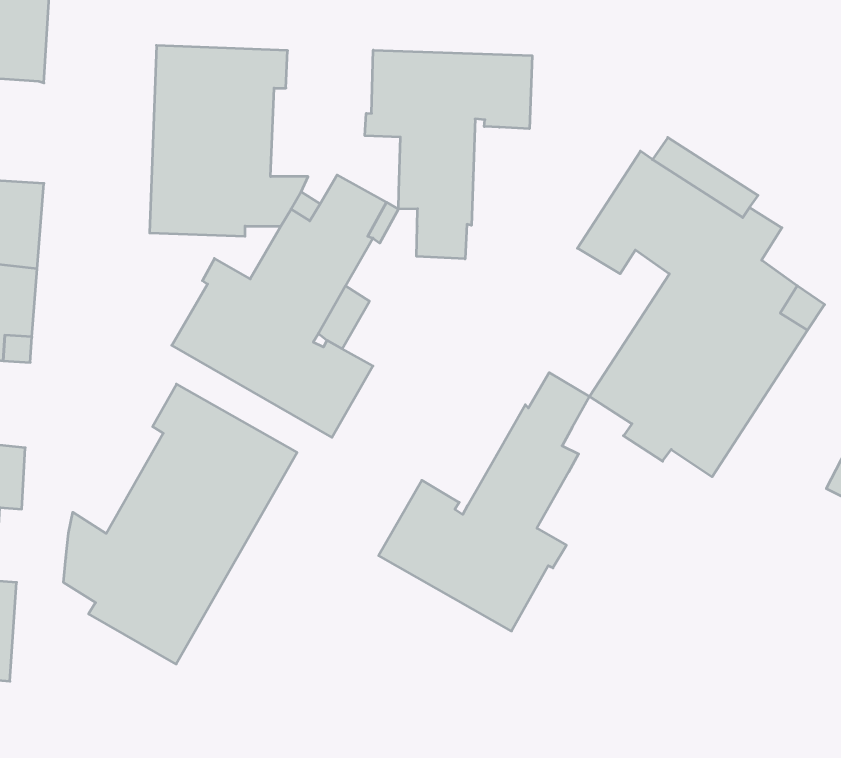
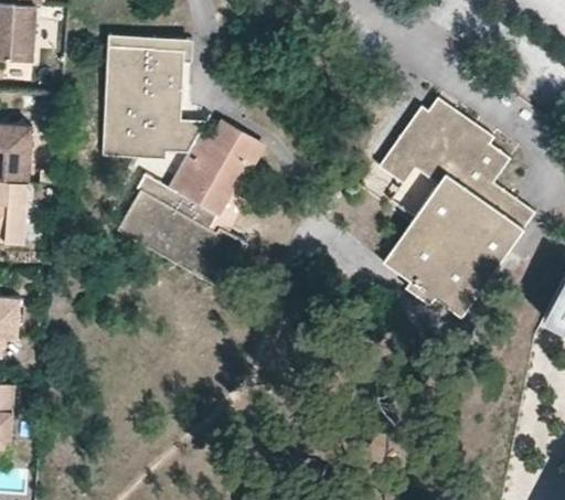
building: [365,50,532,259] -> none
building: [379,373,589,631] -> none
building: [64,384,297,664] -> none

